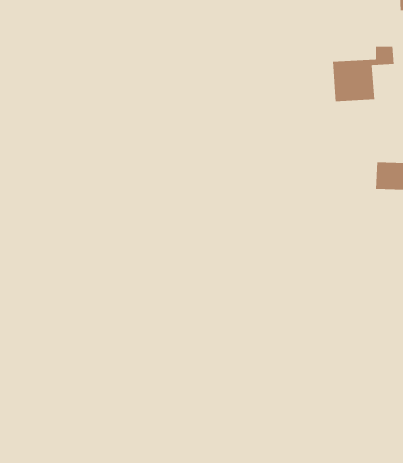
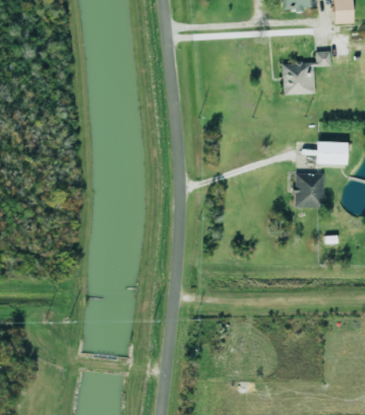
building: none -> [295,172,324,207]

